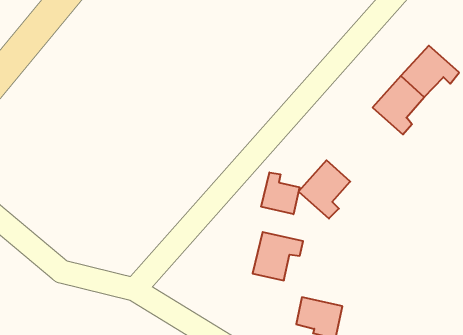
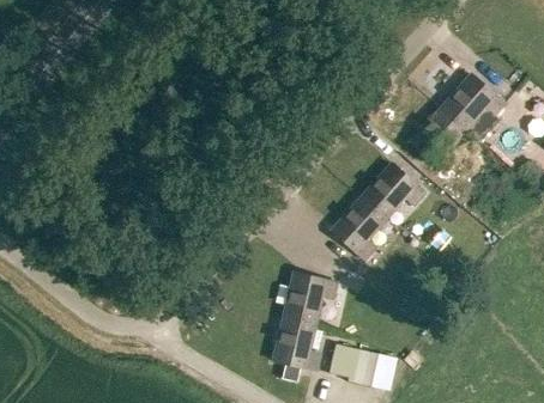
building: none -> [362,163,424,219]
building: [261,172,300,214] -> none
building: none -> [273,317,319,370]

